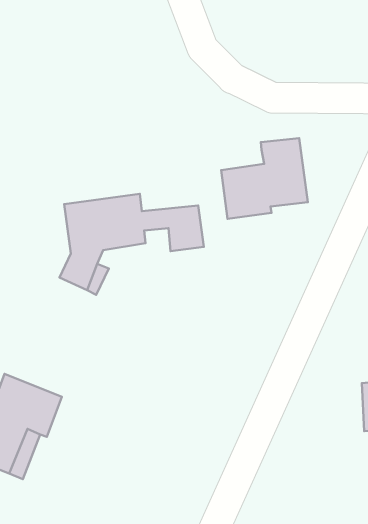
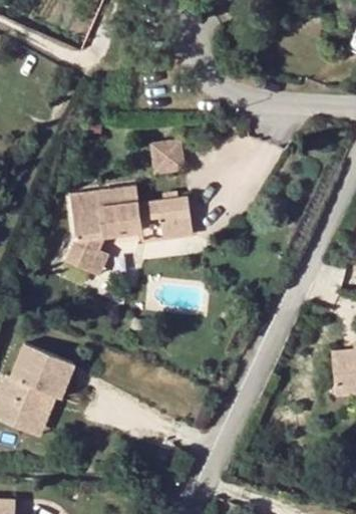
building: [221,138,308,219] -> none
building: none -> [152,138,186,173]

